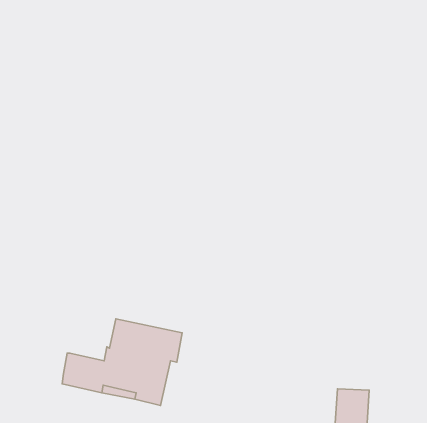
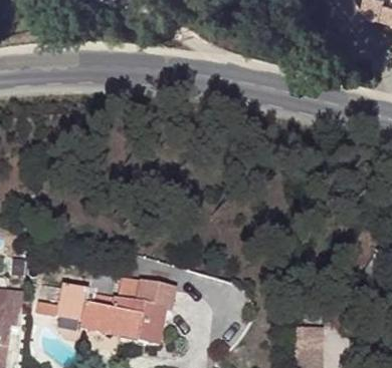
building: none -> [57,284,88,318]

